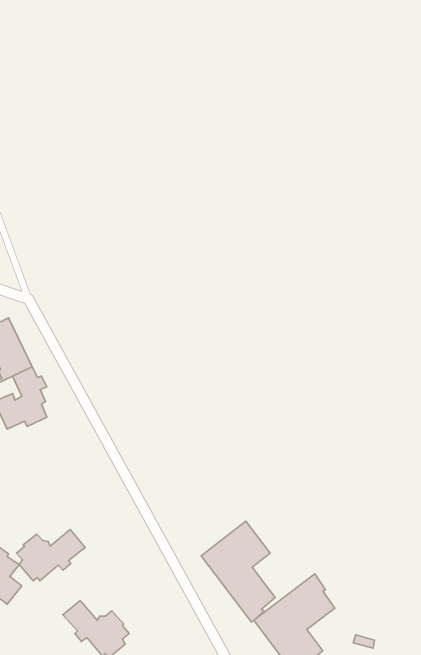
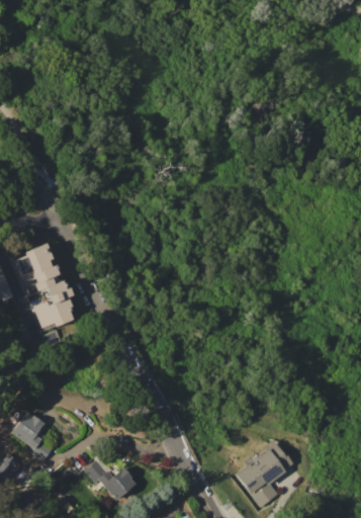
building: [201,521,275,622] -> none
building: [17,530,85,581] -> none

